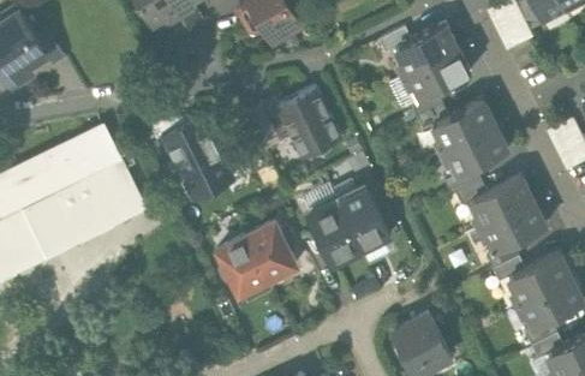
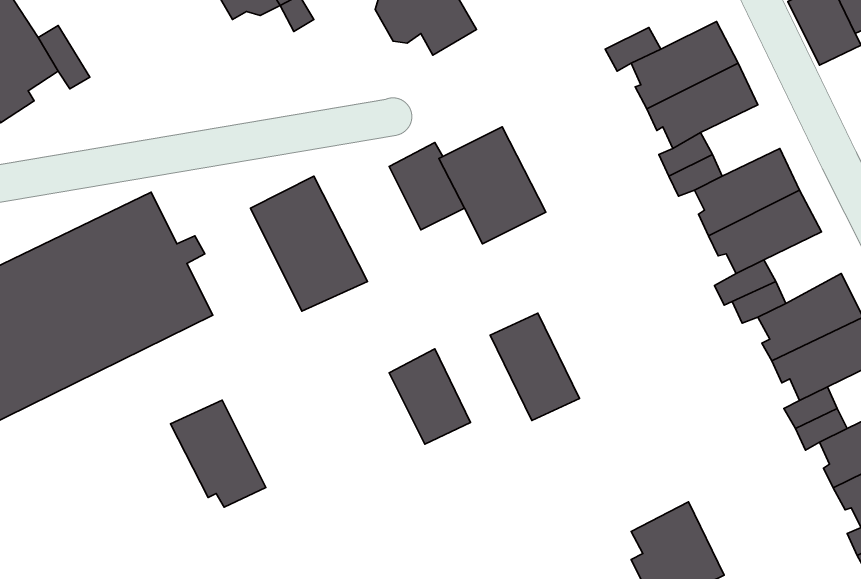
building: [333,180,390,252] -> none
building: [216,237,274,302] -> [171,400,266,507]

